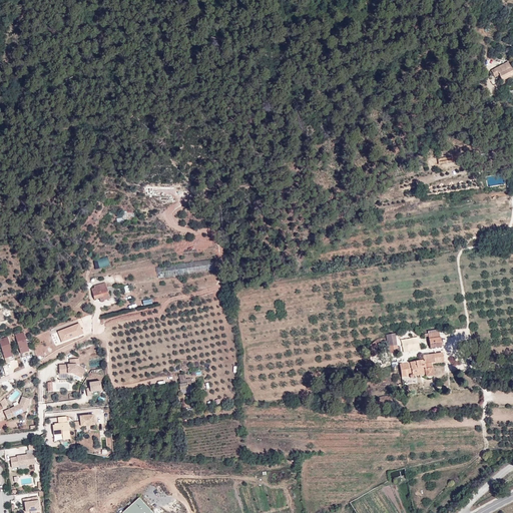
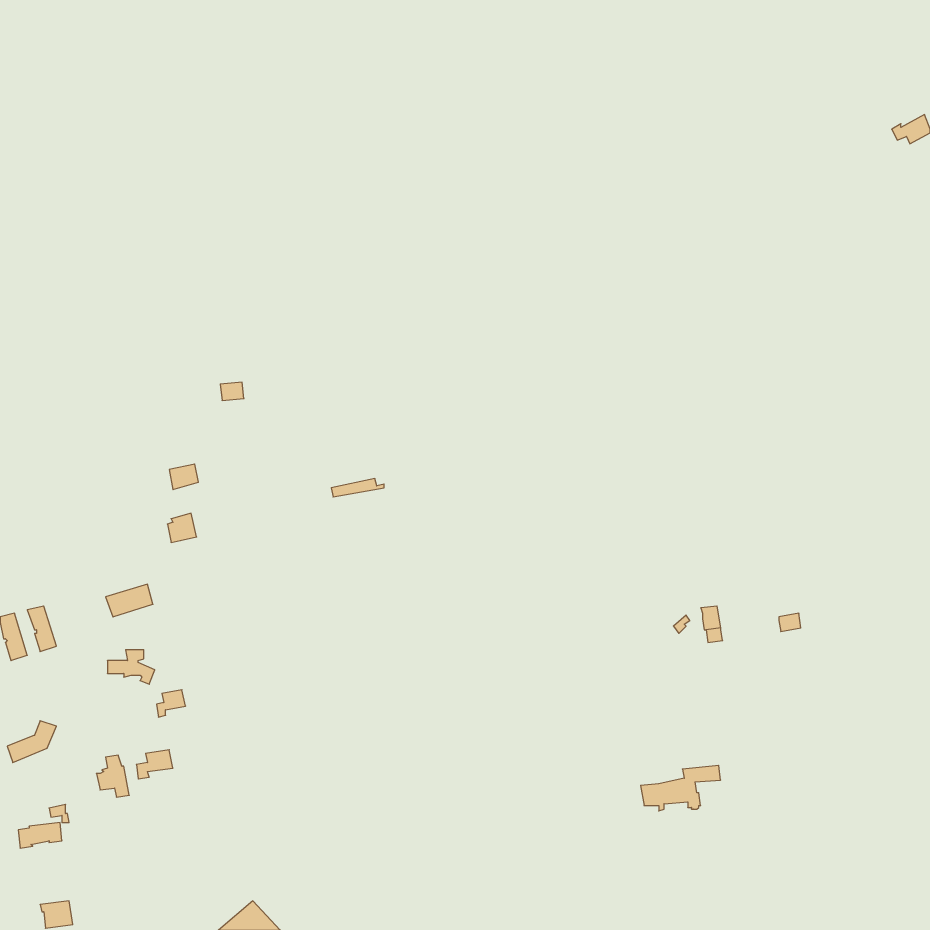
building: [400,354,444,379] -> [641,765,721,811]

